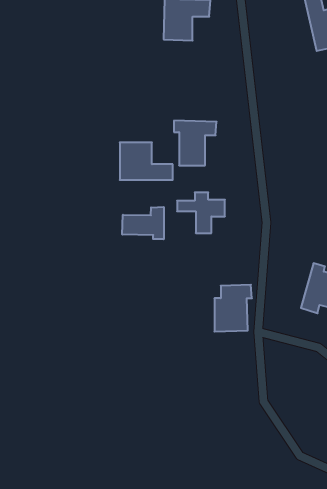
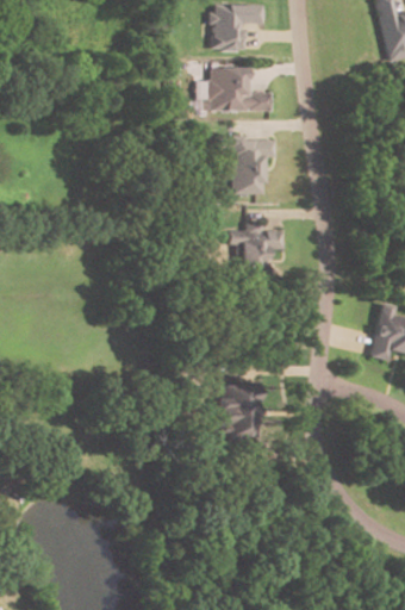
building: [120,142,173,180] -> [208,67,269,110]
building: [122,207,164,239] -> none
building: [214,285,252,332] -> [219,382,262,436]

